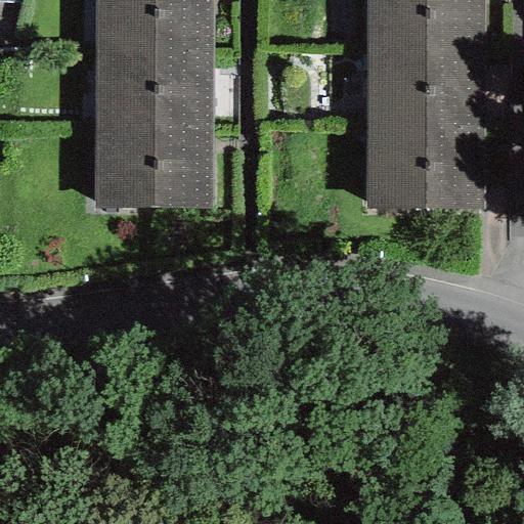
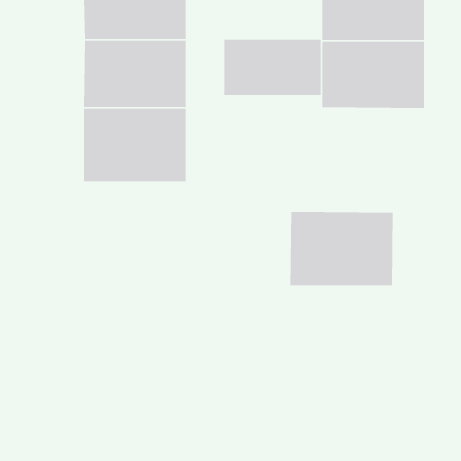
building: none -> [223,39,322,96]
building: [364,122,482,207] -> [289,211,394,286]

